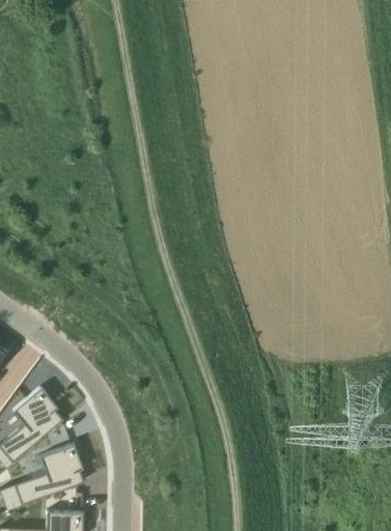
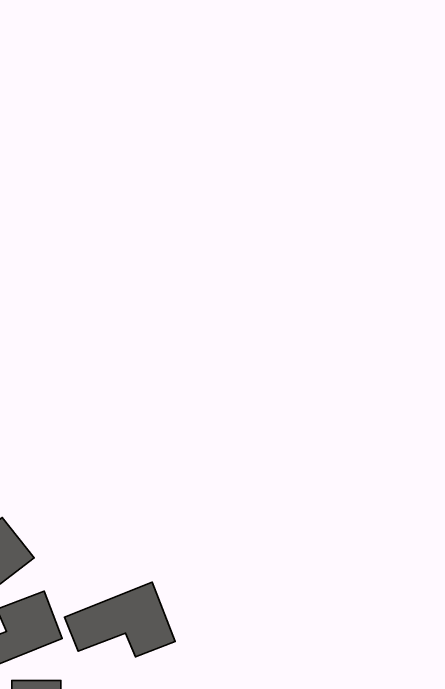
building: none -> [65,582,175,657]

